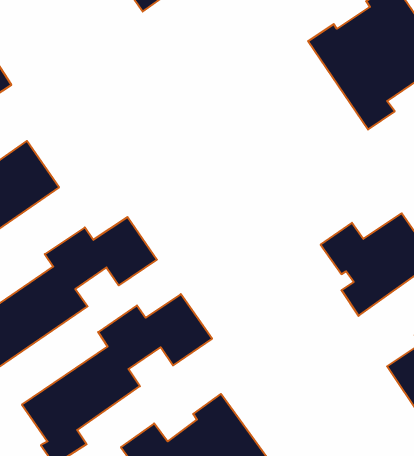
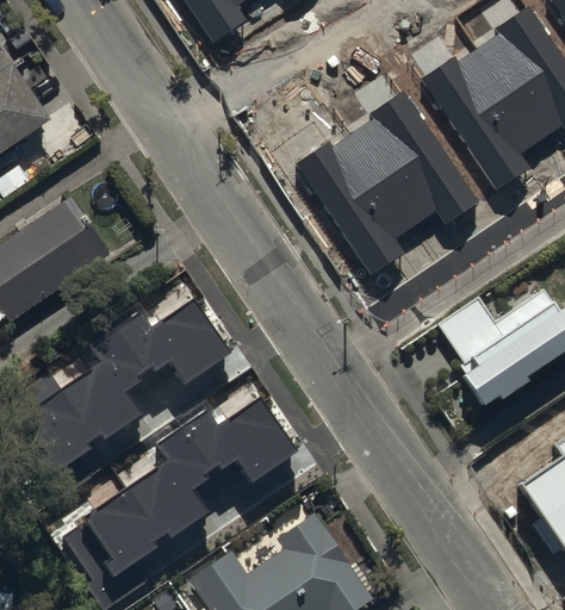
building: none -> [296,88,479,272]

